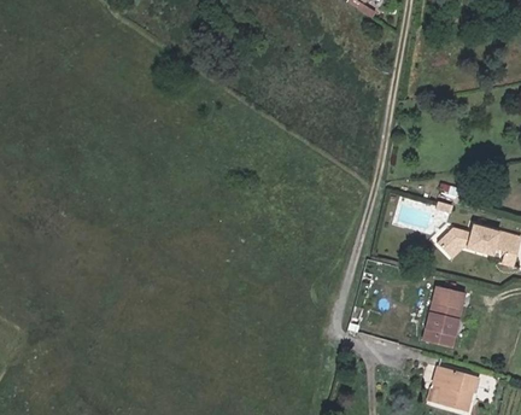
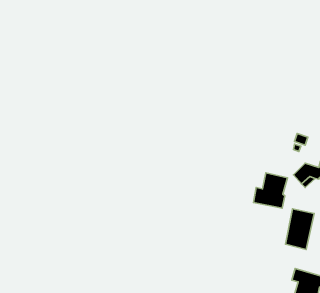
building: none -> [253,173,287,208]

